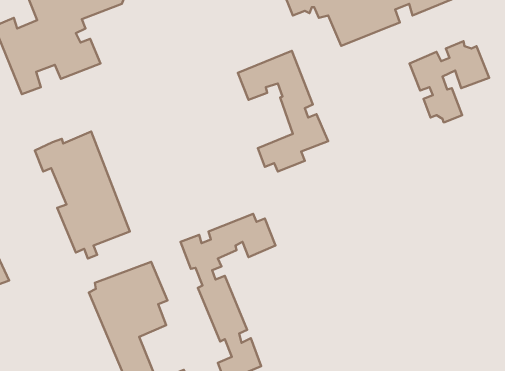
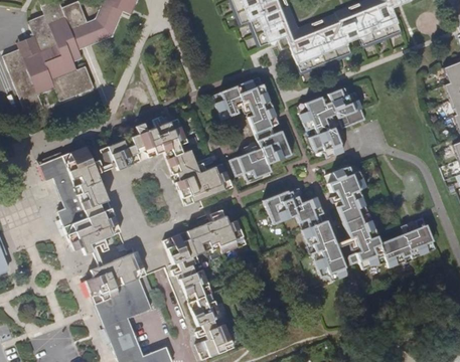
building: [409,41,489,122] -> [297,86,365,156]
building: none -> [100,117,231,203]
building: none -> [328,165,435,267]
building: none -> [264,190,347,280]

